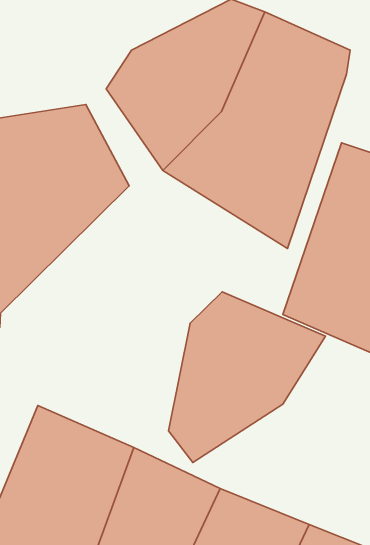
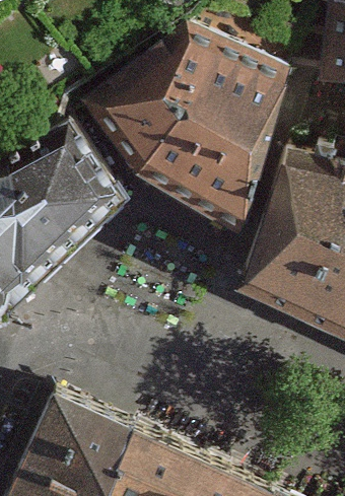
building: [168,292,325,463] -> none

